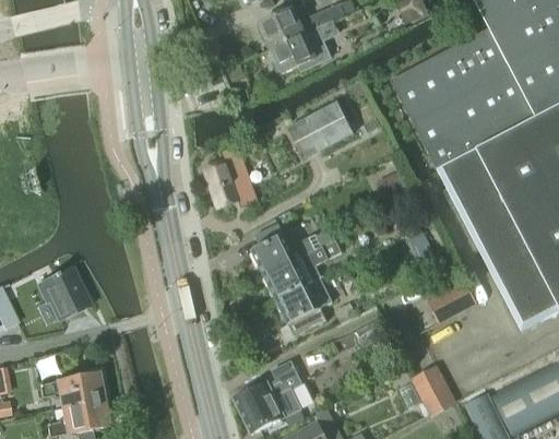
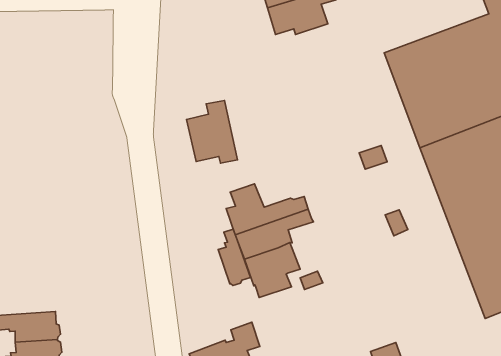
building: [287,99,354,157] -> none
building: [38,266,91,319] -> none
building: none -> [218,229,250,285]
building: [428,281,477,322] -> none

